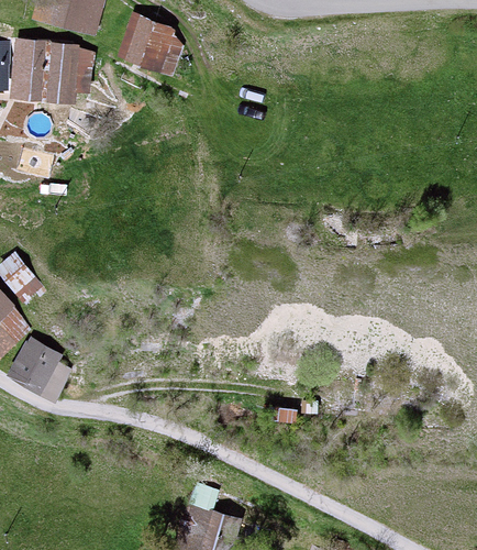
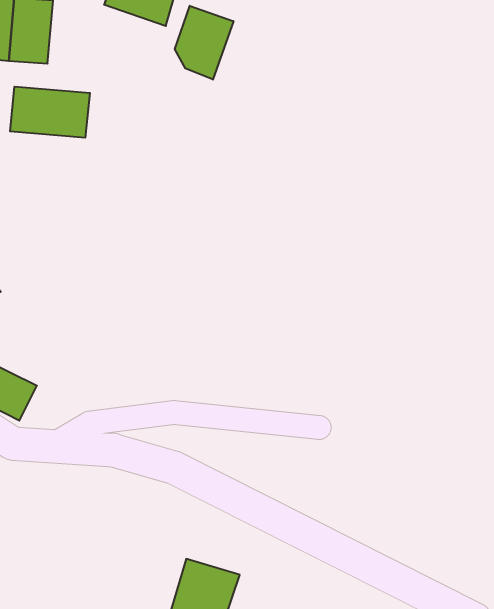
building: none -> [175,6,233,80]
building: none -> [10,87,90,138]

